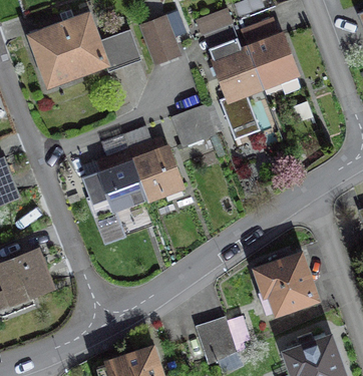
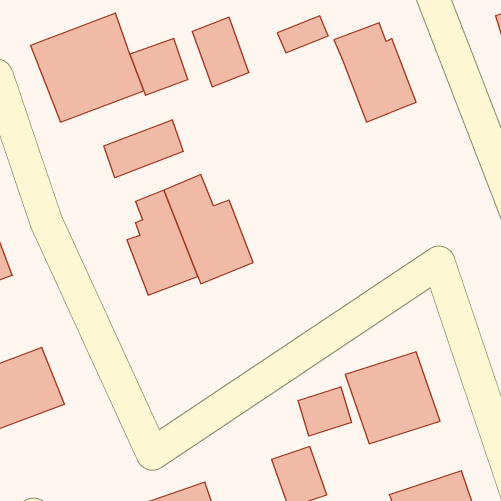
building: [210,39,266,137] -> none
building: none -> [104,120,183,178]
building: [174,102,226,146] -> none
building: none -> [298,387,351,436]

